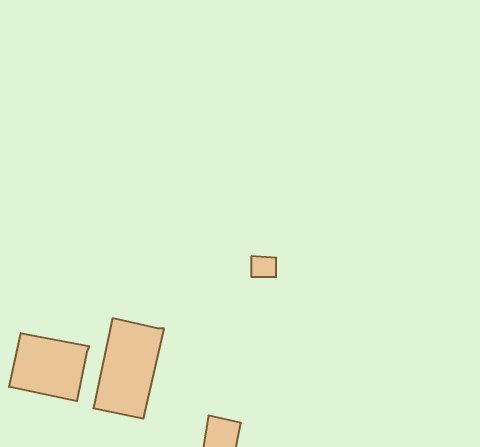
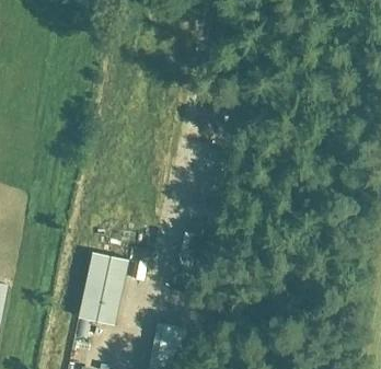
building: [9,333,89,401] -> none

